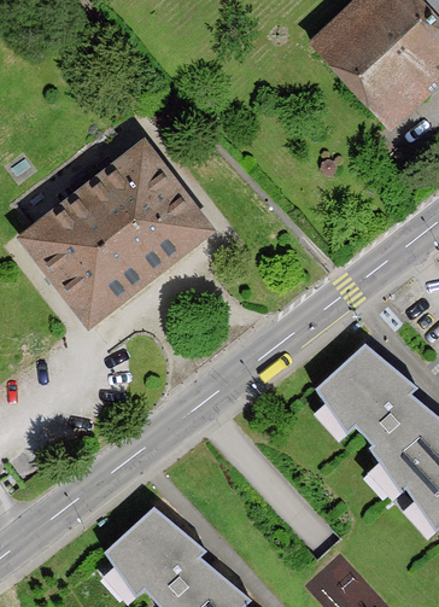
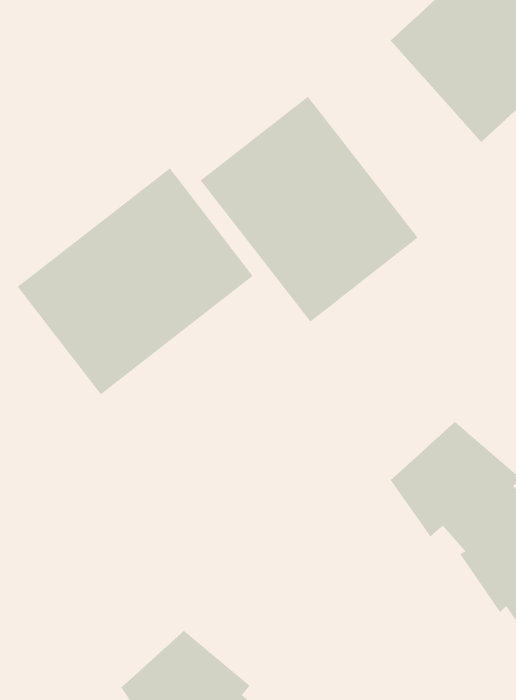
building: none -> [200,96,418,322]

